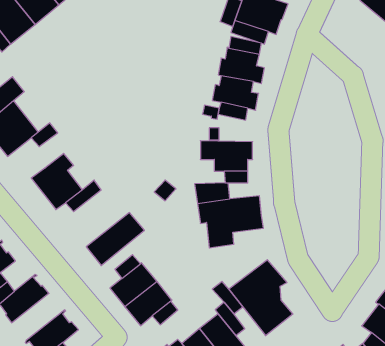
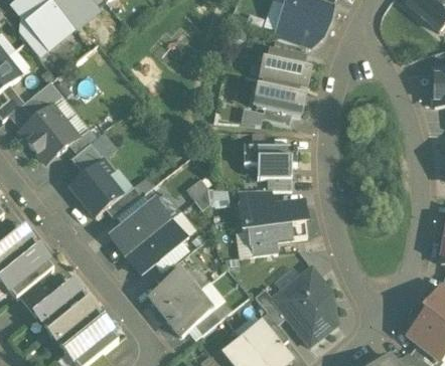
building: none -> [70,142,103,173]
building: none -> [111,199,170,253]
building: none -> [48,300,102,349]

